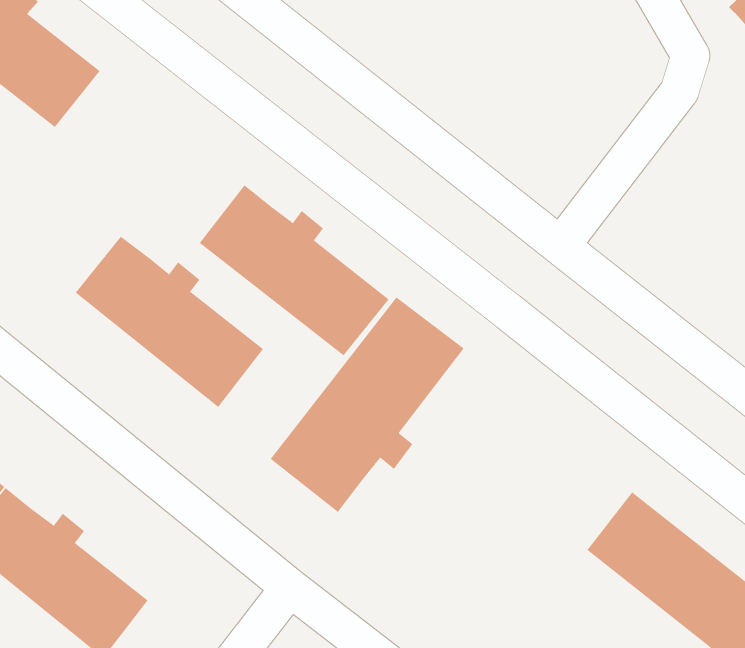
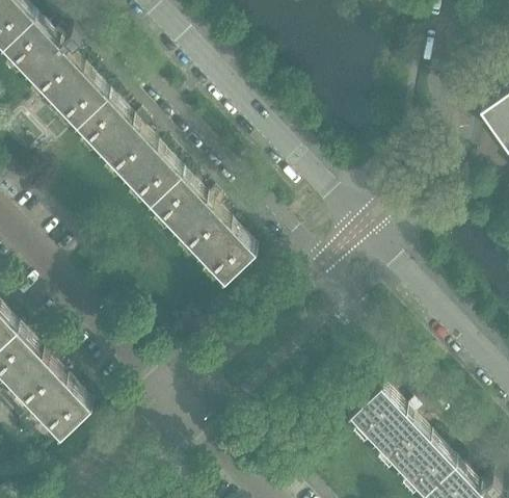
building: [75,236,264,408] -> [79,101,184,209]
building: [270,297,465,513] -> none

